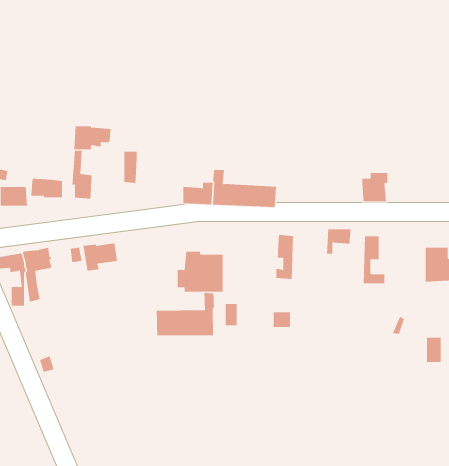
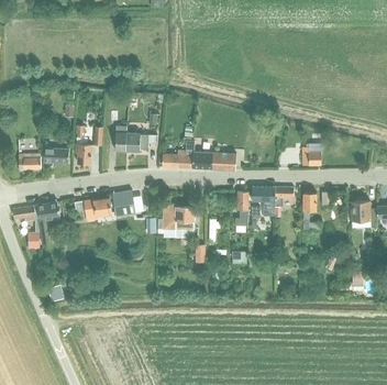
building: [73,126,111,150] -> [125,132,155,151]
building: none -> [252,186,275,214]
building: none -> [112,189,135,217]
building: [156,292,215,336] -> none

